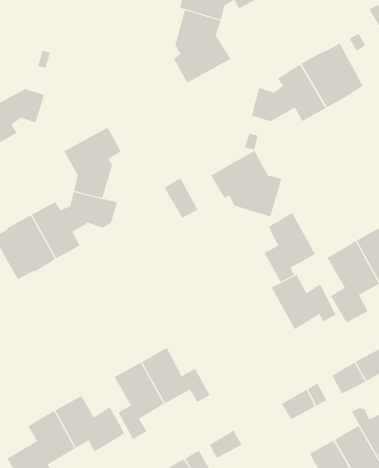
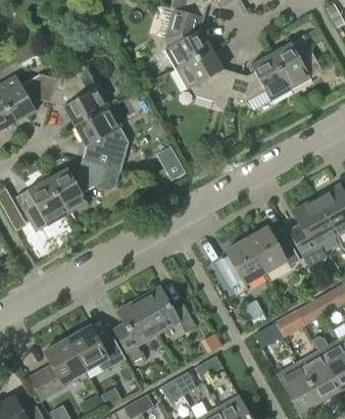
building: none -> [51,65,110,125]
building: [210,150,282,217] -> [176,49,235,104]
building: [264,212,316,283] -> [221,238,264,296]

